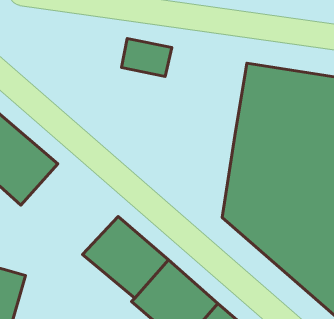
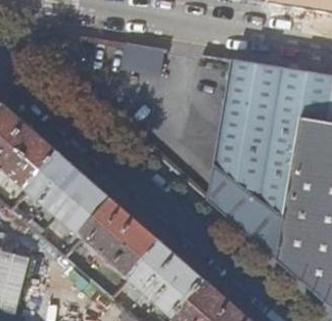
building: none -> [28,153,116,238]

